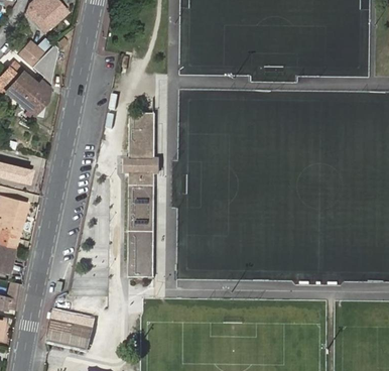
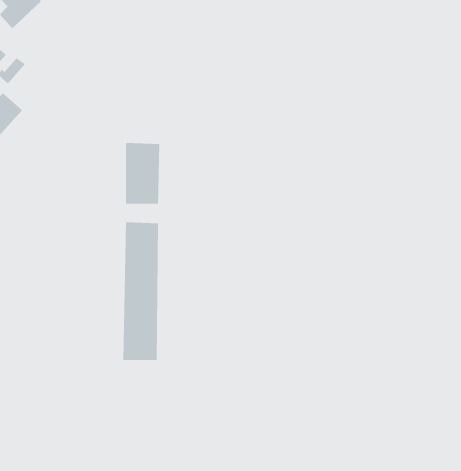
building: [46,313,94,350] -> none

